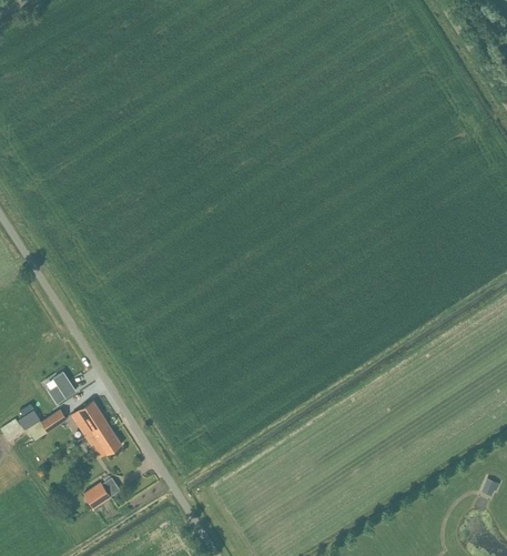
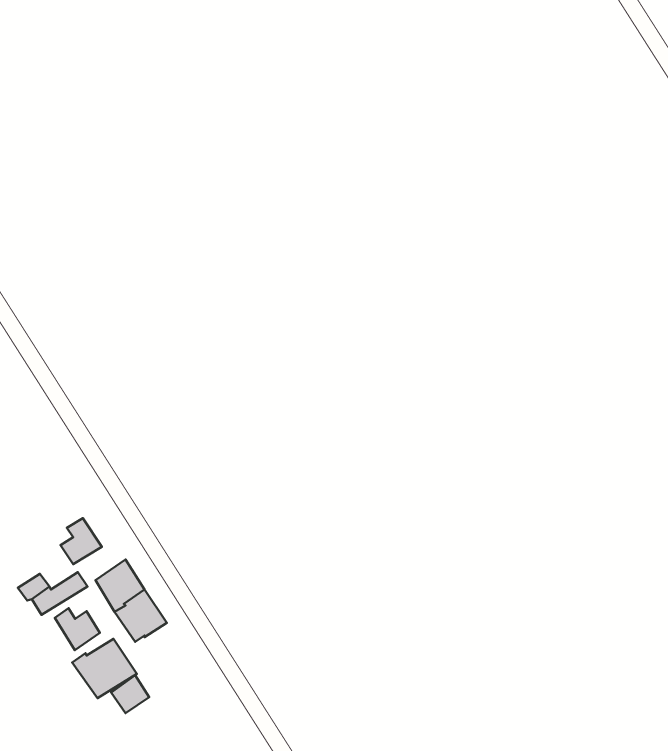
building: none -> [55,608,100,650]
building: none -> [72,639,137,698]

